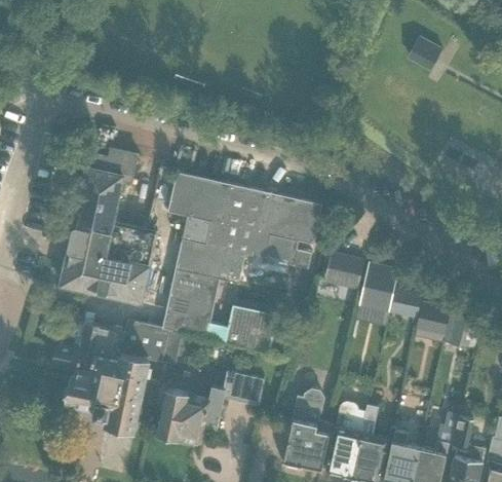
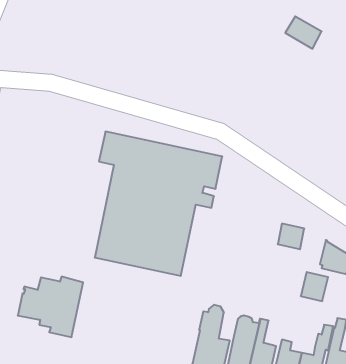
building: [60,148,156,304] -> none
building: [323,253,363,291] -> none
building: [358,263,398,316] -> none
building: [415,302,449,338] -> [301,272,328,301]
building: [52,322,182,370] -> none
building: [157,371,264,442] -> none

